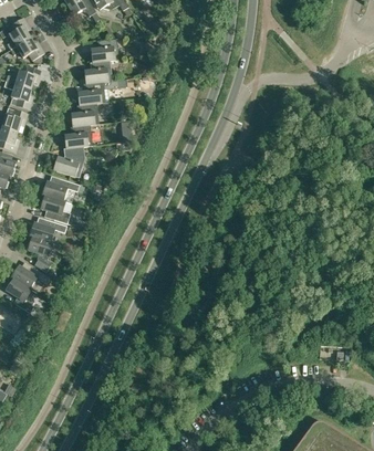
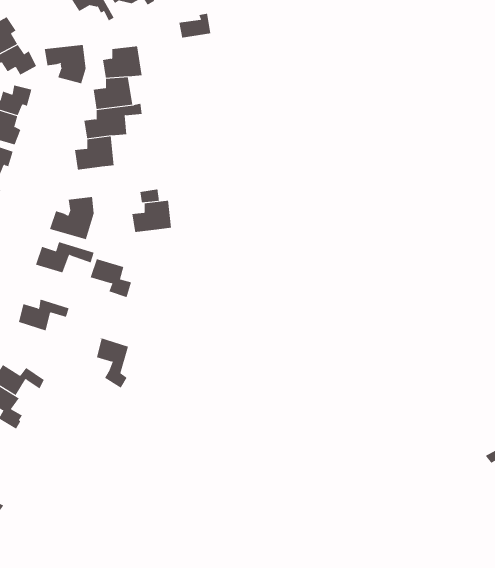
building: none -> [44,44,86,84]
building: [63,126,92,149] -> [131,200,172,233]
building: [40,196,70,224] -> [90,257,132,298]
building: [28,237,51,273] -> [96,337,129,389]

